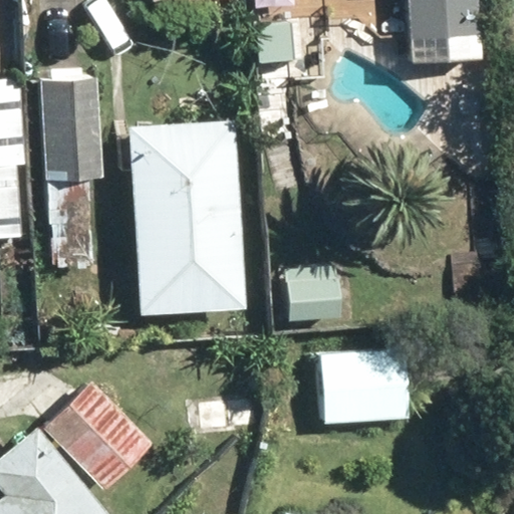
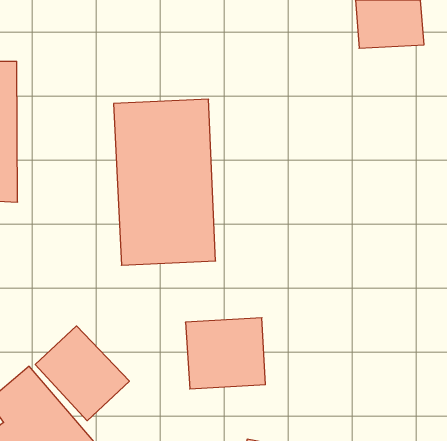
building: [39,78,103,175] -> none
building: [315,344,407,426] -> [185,318,265,389]

